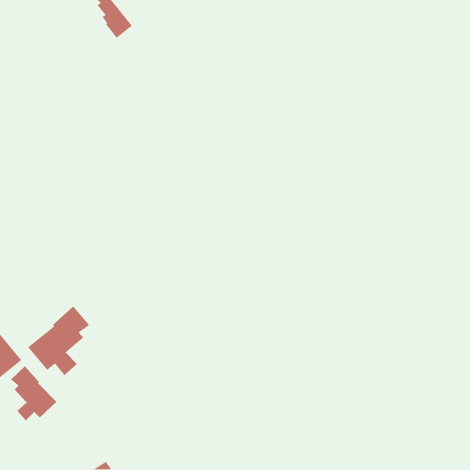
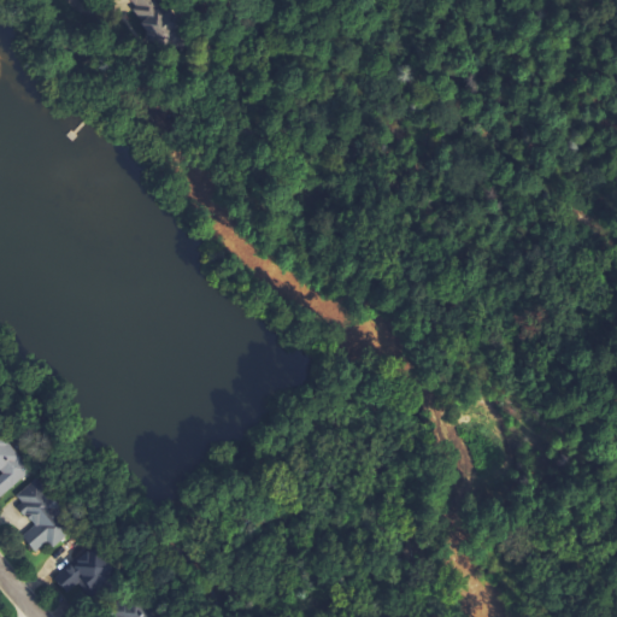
building: [27,306,90,376] -> none
building: none -> [54,547,108,587]

